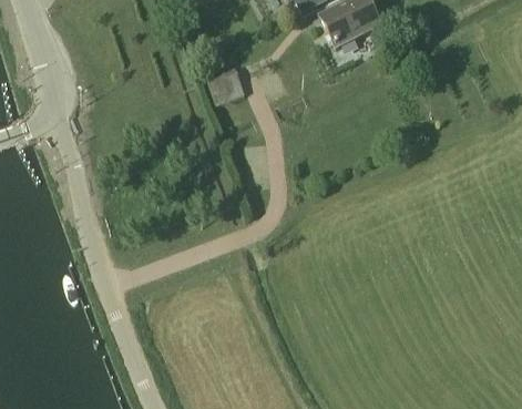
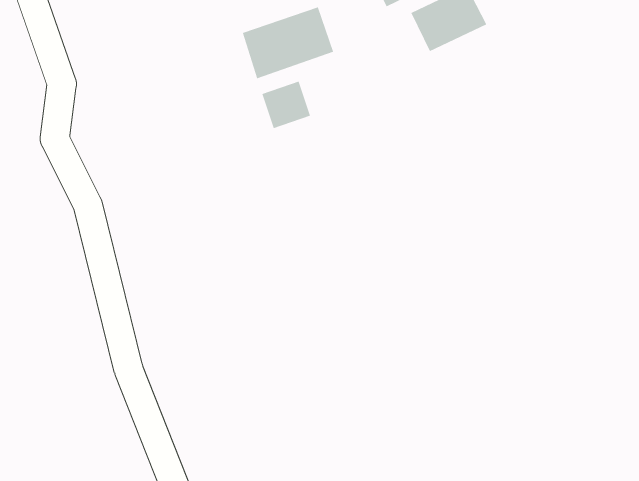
building: none -> [242,6,334,79]

